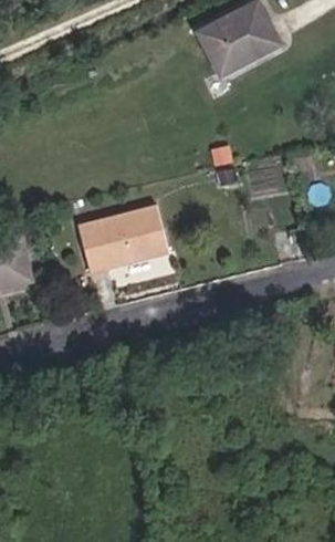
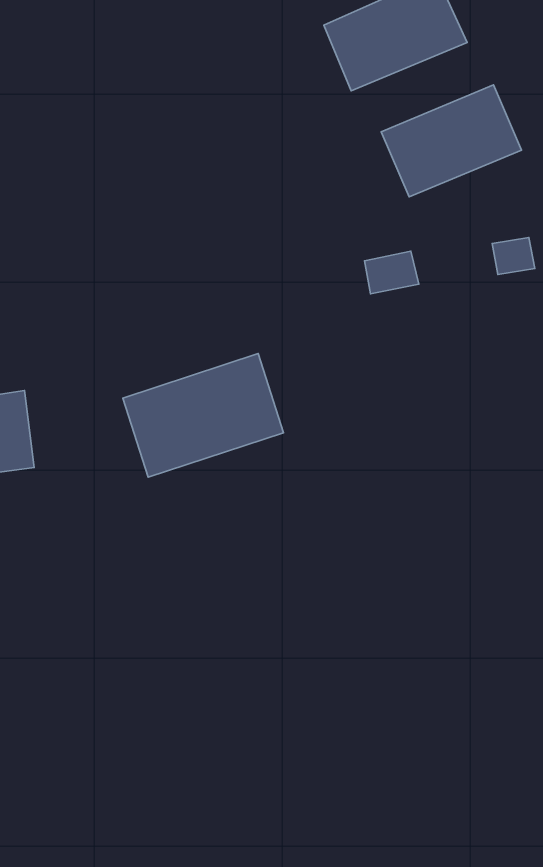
building: none -> [381,85,522,197]

